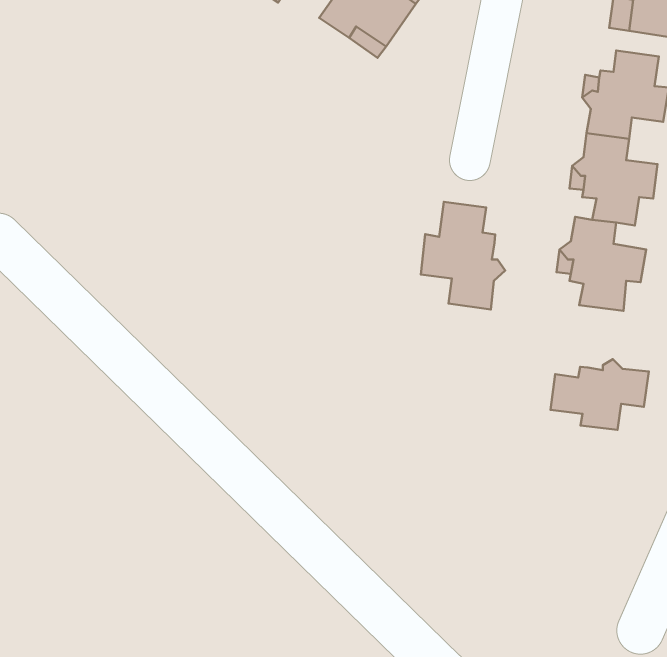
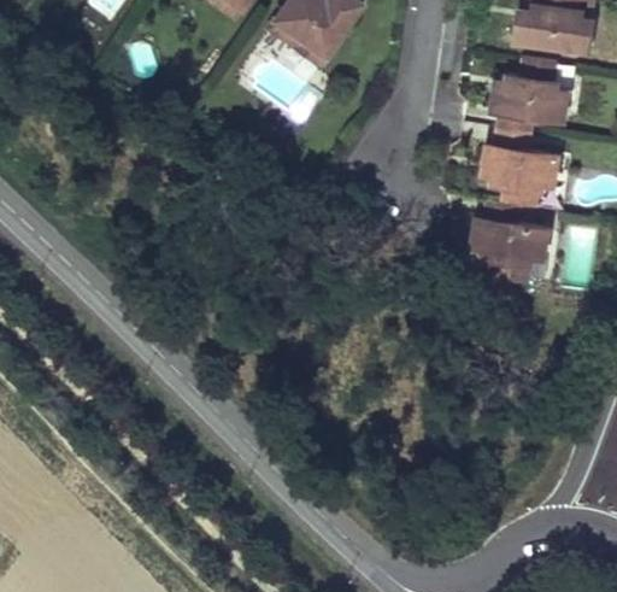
building: [421,202,505,309] -> none
building: [550,359,649,430] -> none

